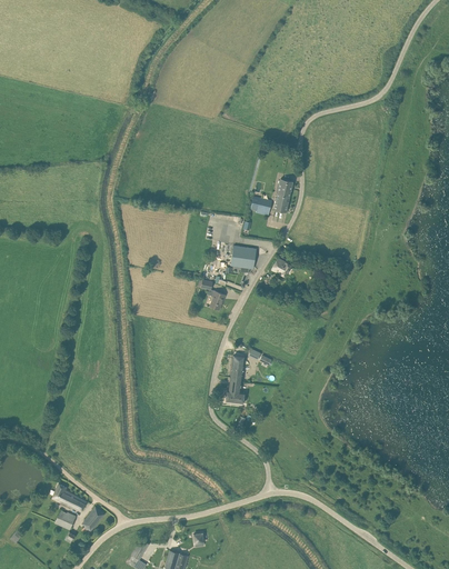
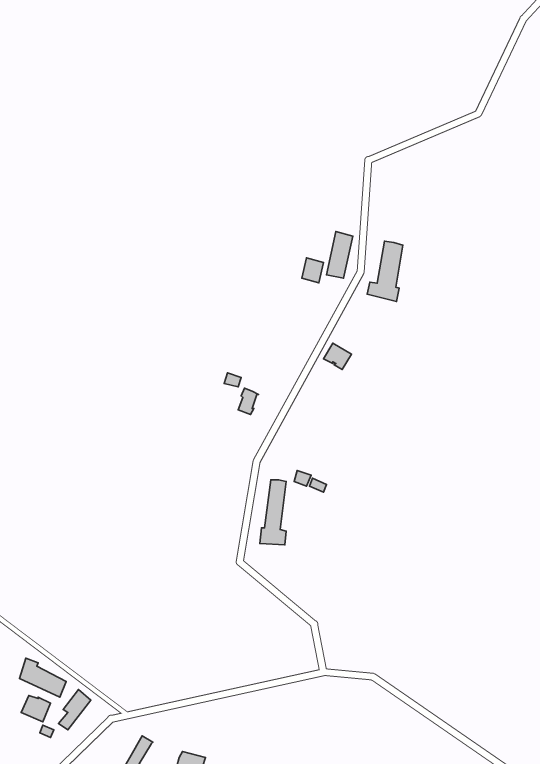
building: none -> [367,241,403,301]
building: [229,246,255,272] -> none

